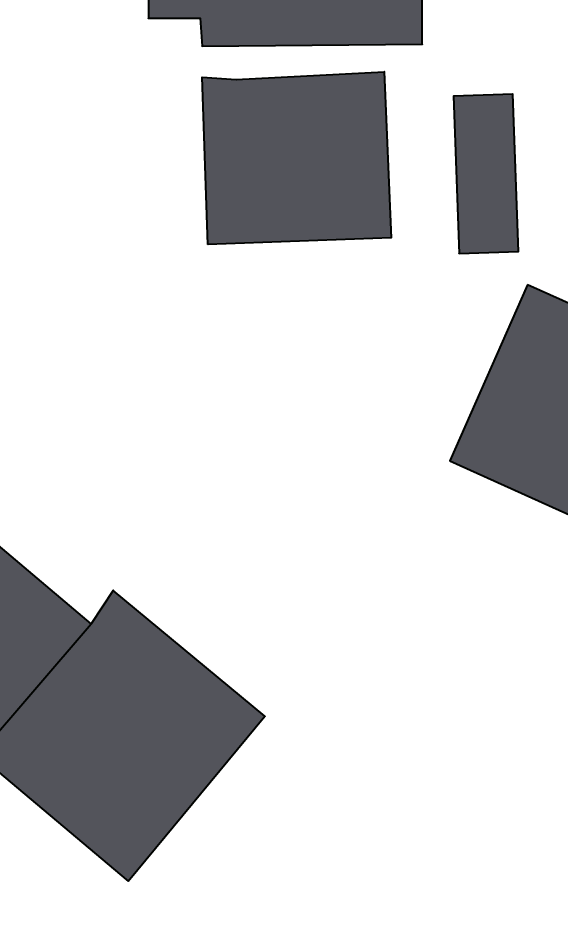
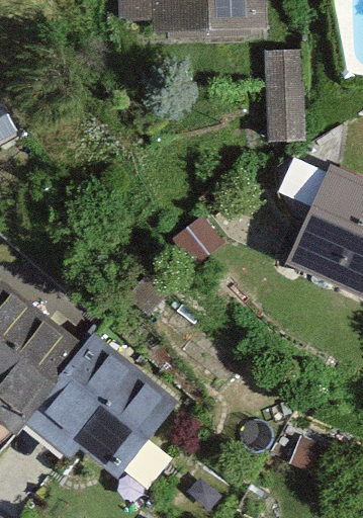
building: [202,72,391,244] -> none

